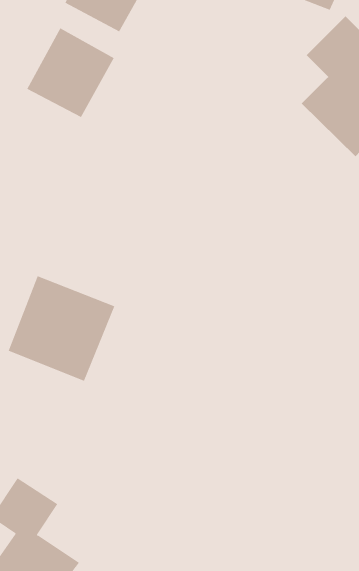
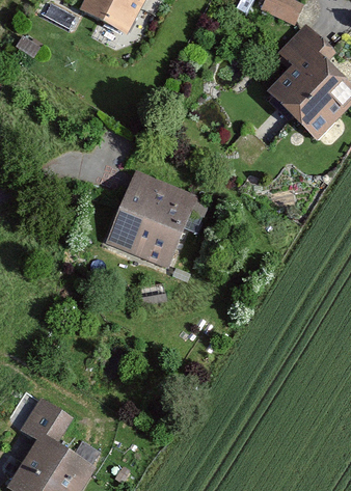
building: [27,27,114,118] -> none
building: [8,276,115,381] -> [103,179,190,265]

